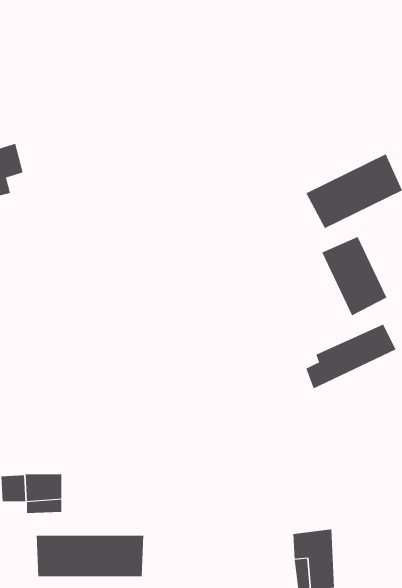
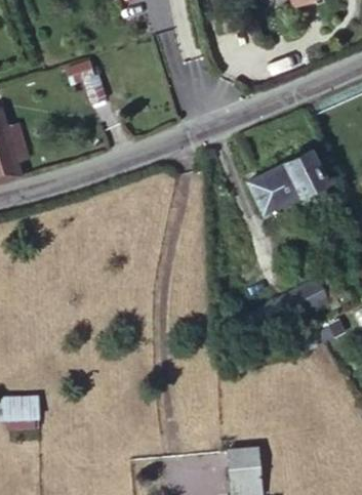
building: [322,236,387,316] -> none
building: [36,535,144,577] -> none

